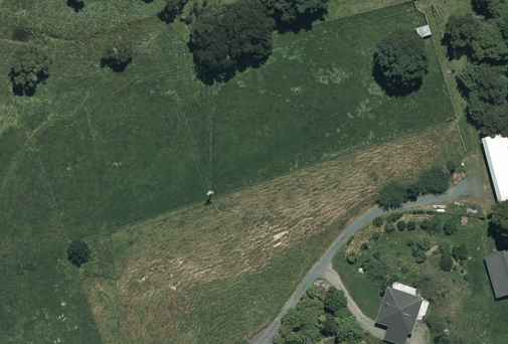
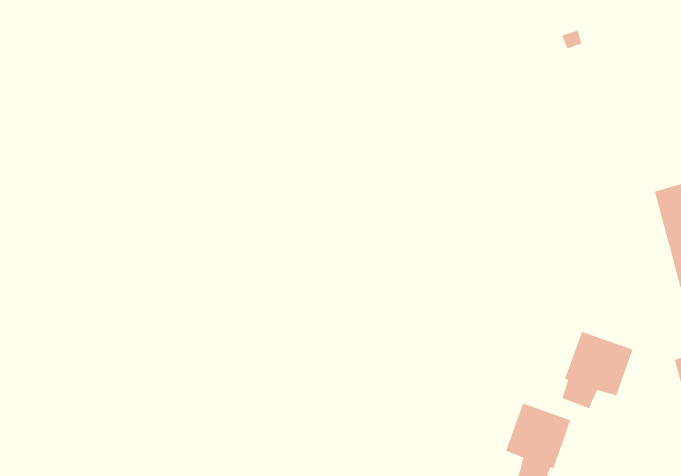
building: none -> [561,331,633,410]

